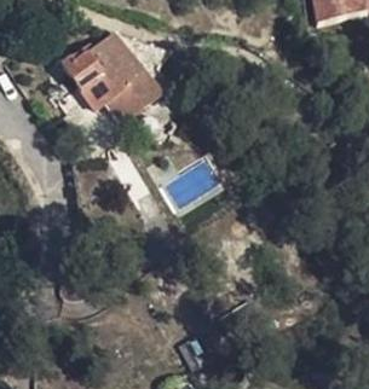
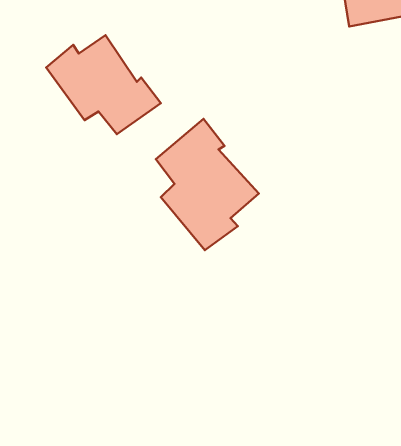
building: none -> [156,119,259,250]

